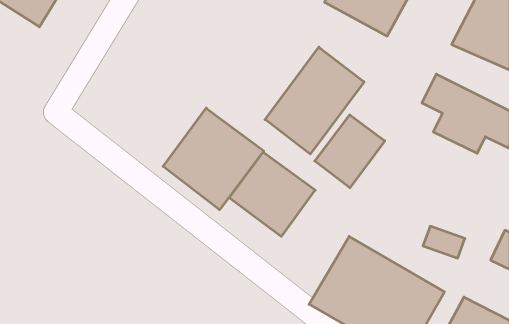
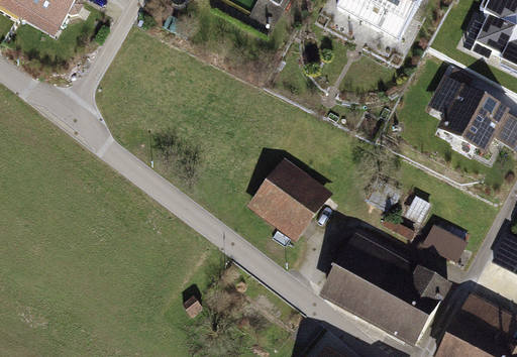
building: [265,47,364,154] -> none
building: [163,108,264,210] -> none
building: [315,115,385,188] -> none

